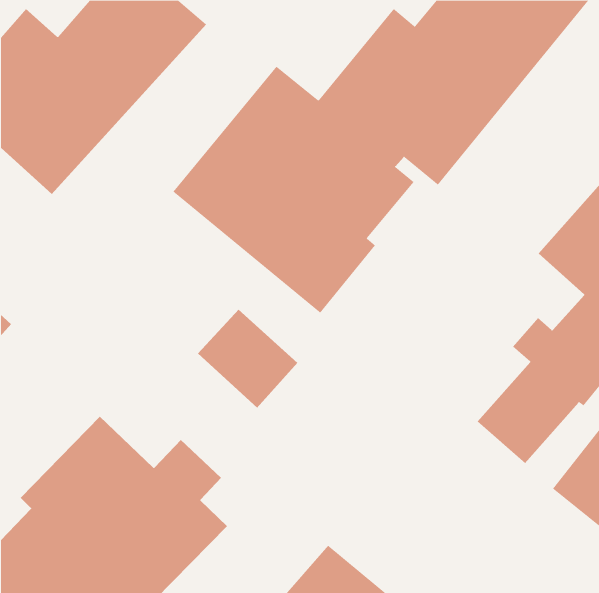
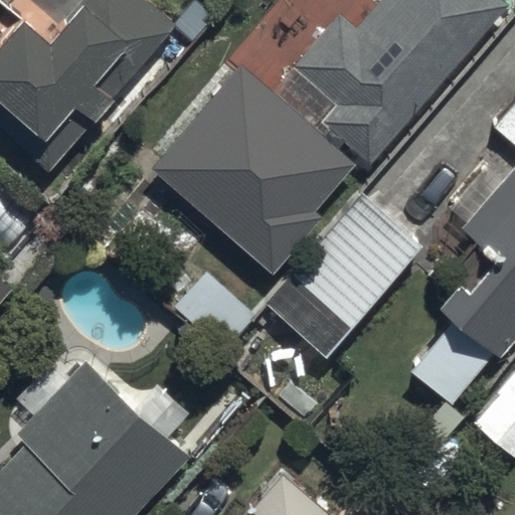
building: none -> [266,193,421,356]

